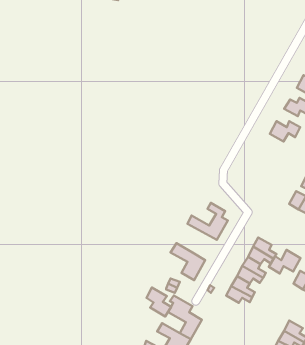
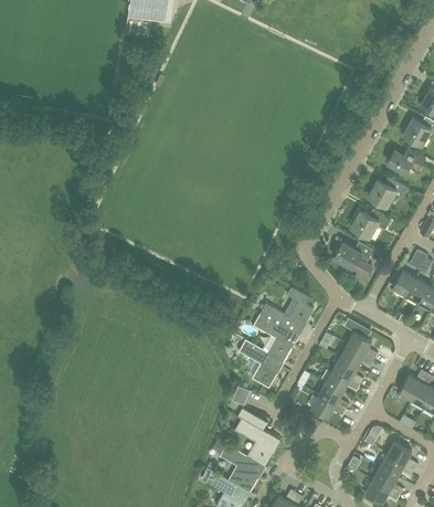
building: none -> [350,208,391,237]
building: none -> [332,242,381,283]
building: none -> [253,314,298,361]
building: [269,250,301,273] -> none
building: [146,287,171,316] -> none

